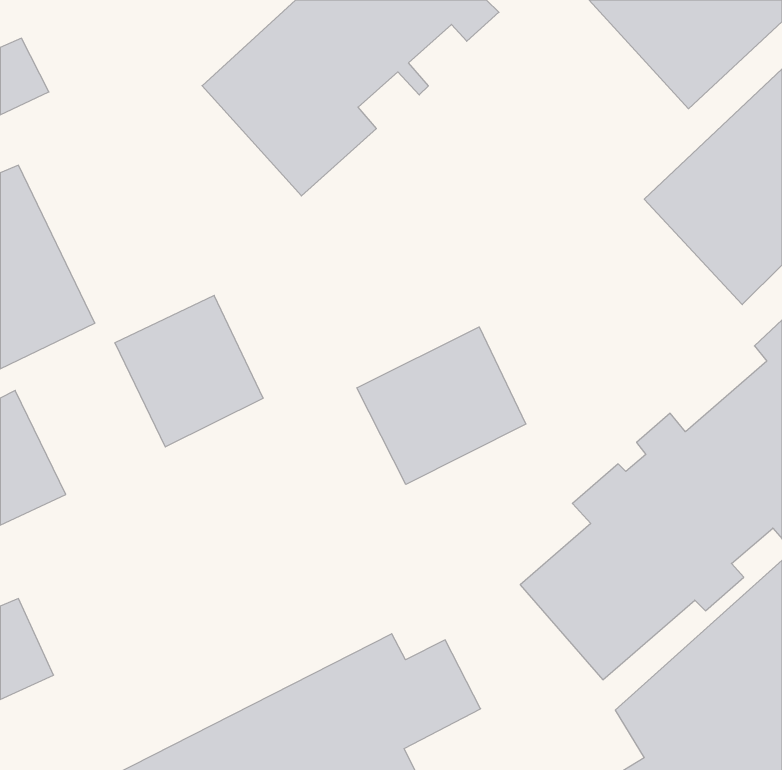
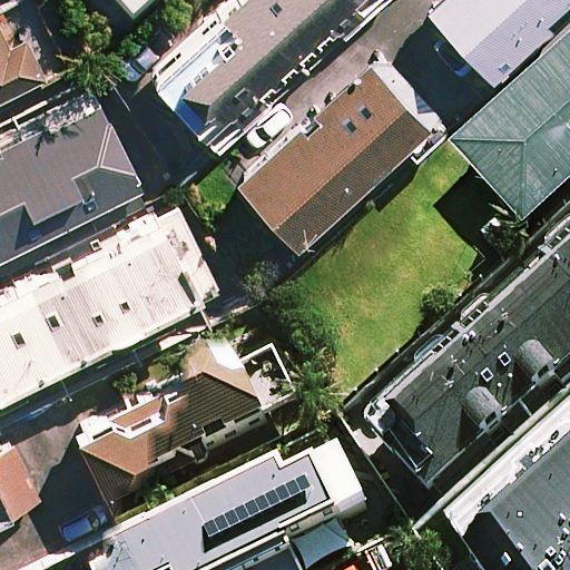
building: none -> [236,55,438,248]
building: none -> [13,95,140,244]
building: [357,327,526,484] -> none
building: none -> [11,258,120,368]
building: none -> [75,354,304,507]

